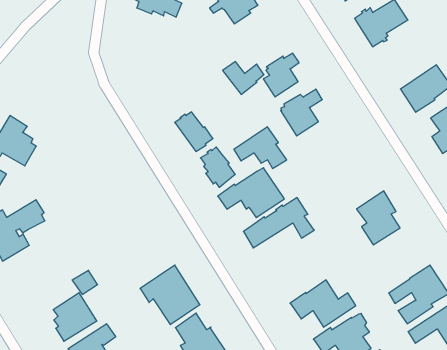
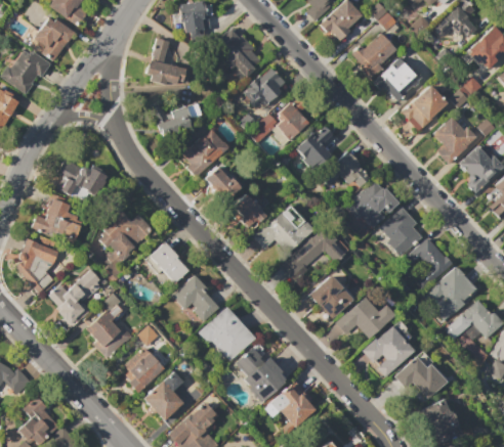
building: none -> [243,68,285,108]
building: none -> [149,100,203,137]
building: none -> [376,61,422,100]
building: none -> [182,129,228,177]
building: none -> [57,159,110,196]
building: [234,127,287,169] -> [322,150,371,187]
building: none -> [100,208,156,260]
building: none -> [345,179,401,228]
building: none -> [146,241,190,283]
building: none -> [172,274,220,321]
building: none -> [407,237,454,288]
building: none -> [87,305,134,360]
building: none -> [310,275,354,318]

